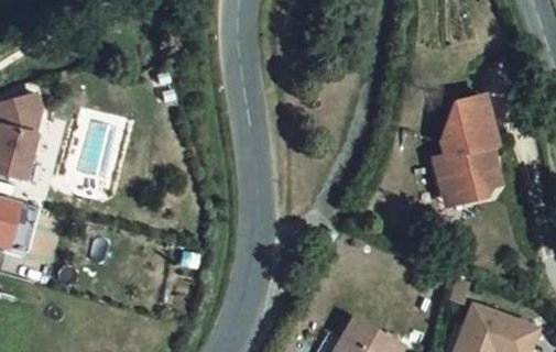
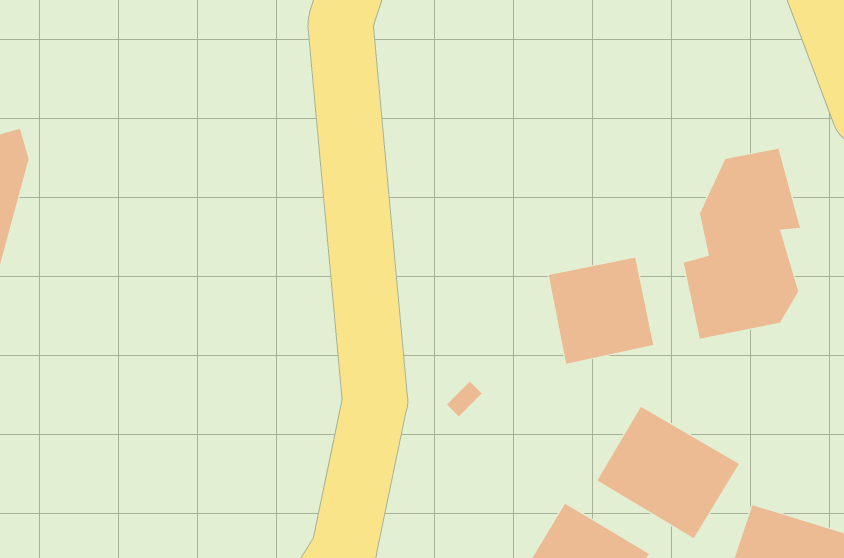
building: none -> [548,257,654,365]
building: none -> [596,406,740,539]

